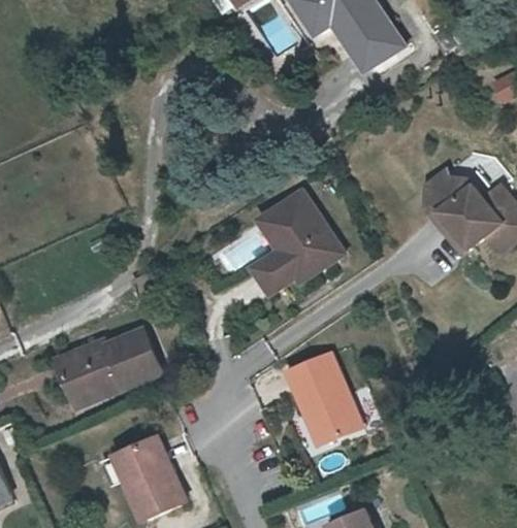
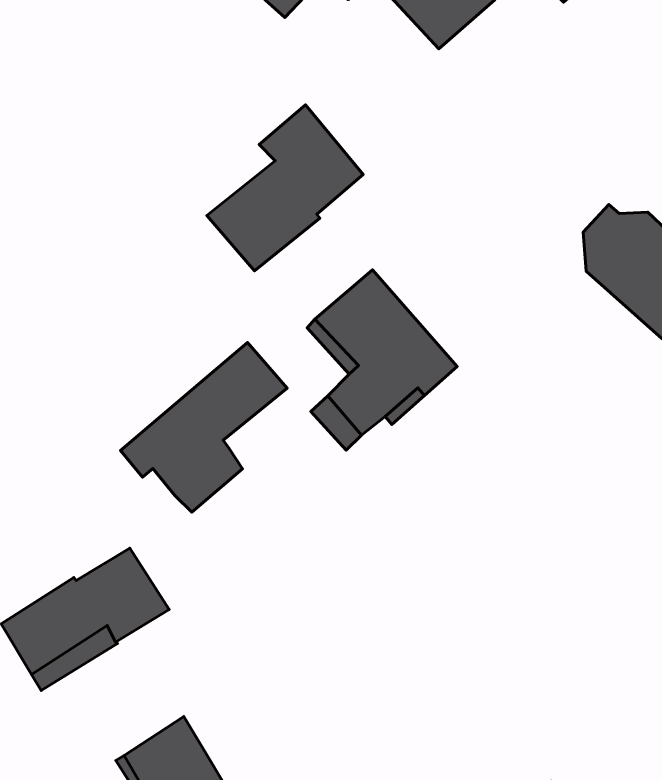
building: none -> [207,105,363,271]
building: none -> [121,343,287,512]
building: [285,354,358,446] -> none

